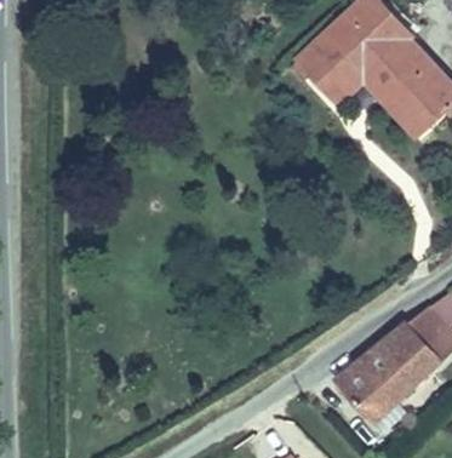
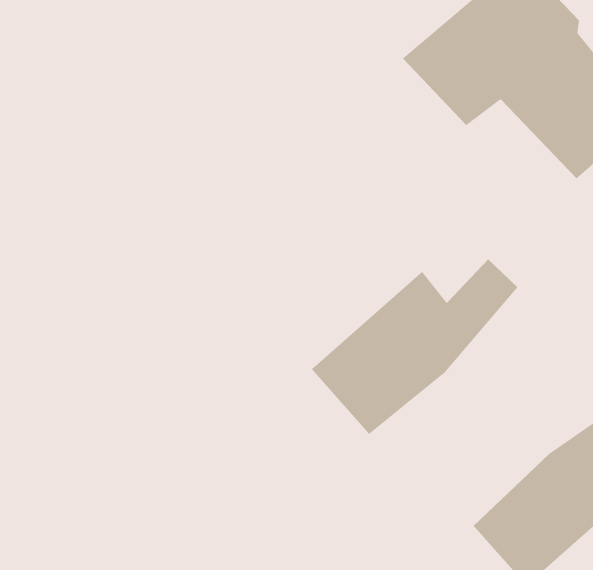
building: none -> [311,259,518,435]

